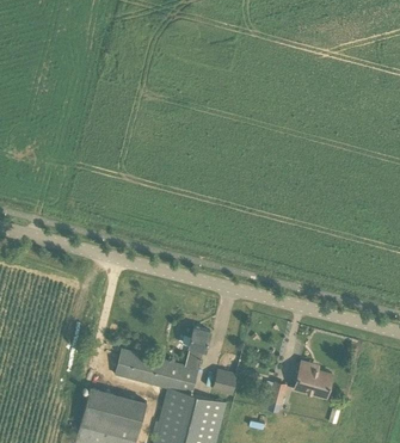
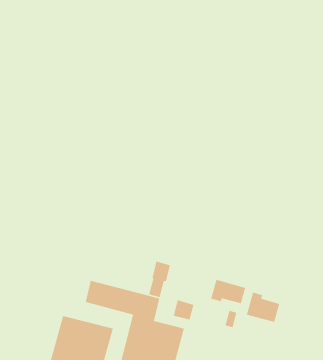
building: none -> [210,279,246,304]

